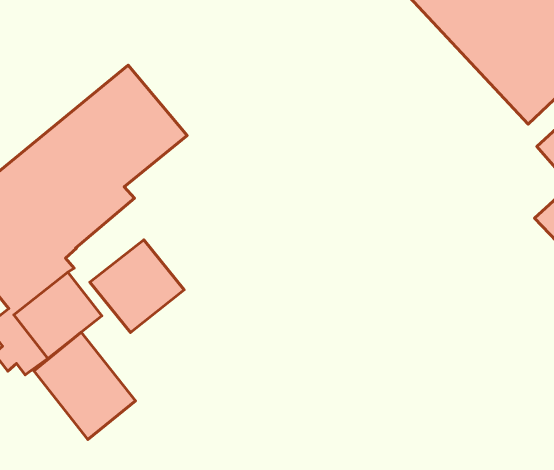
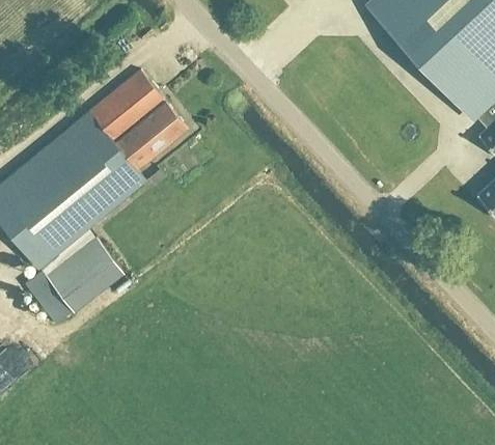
building: [90,240,184,332] -> none
building: [34,332,135,439] -> none

